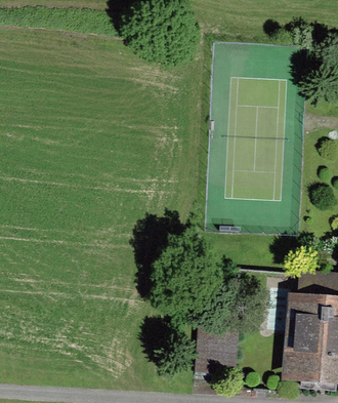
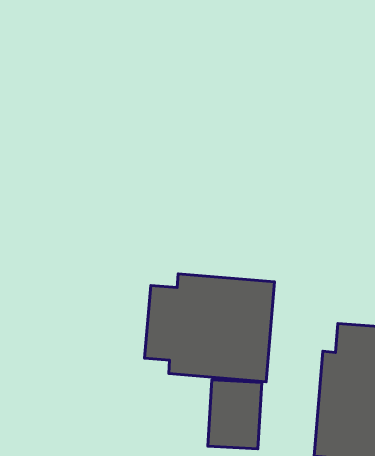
building: none -> [144,274,275,382]

